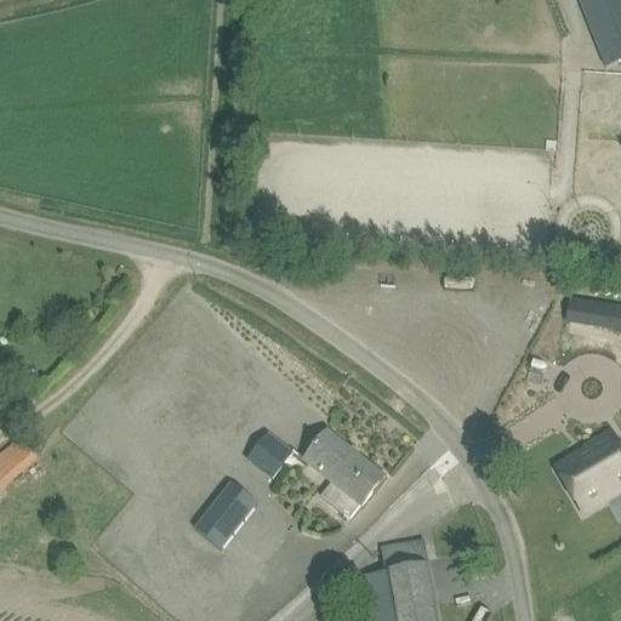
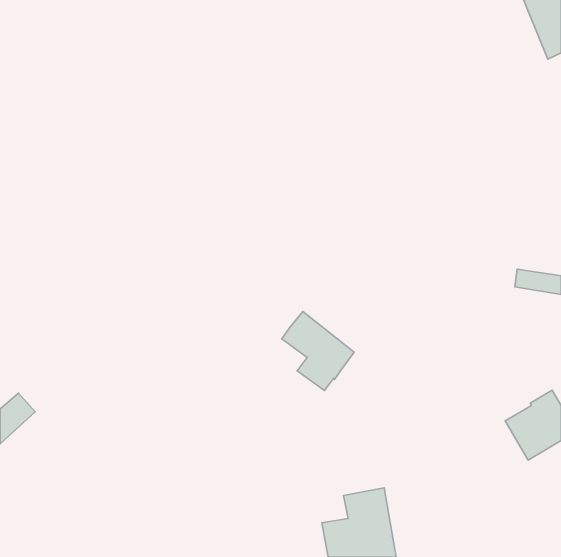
building: [304,429,384,517] -> [282,312,354,391]
building: [249,433,294,479] -> none
building: [195,480,257,548] -> none

